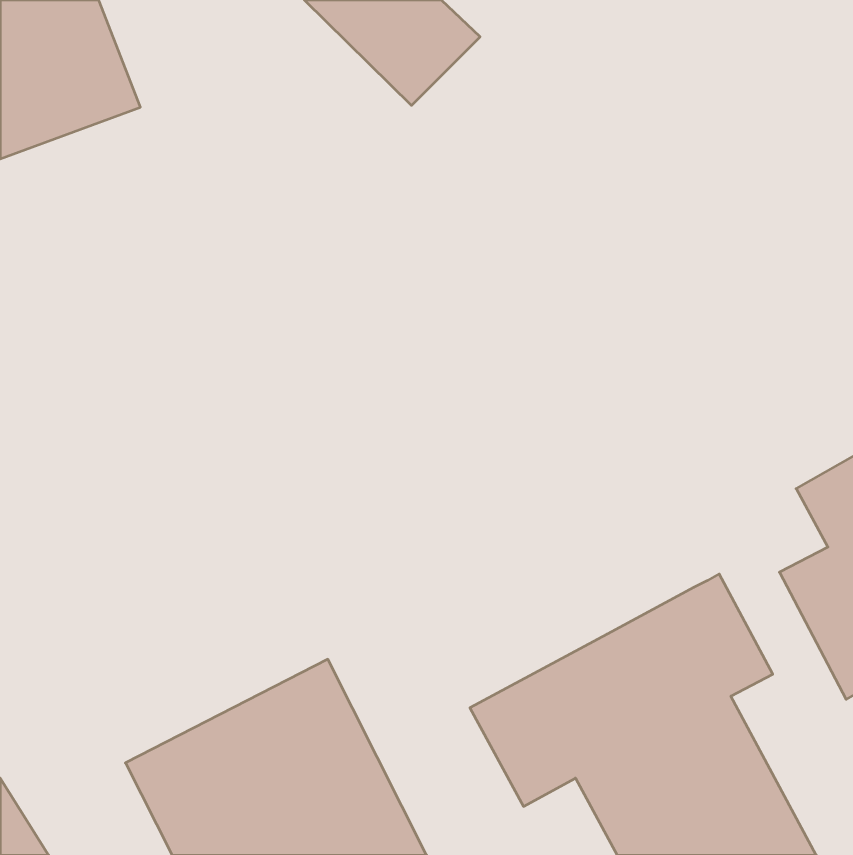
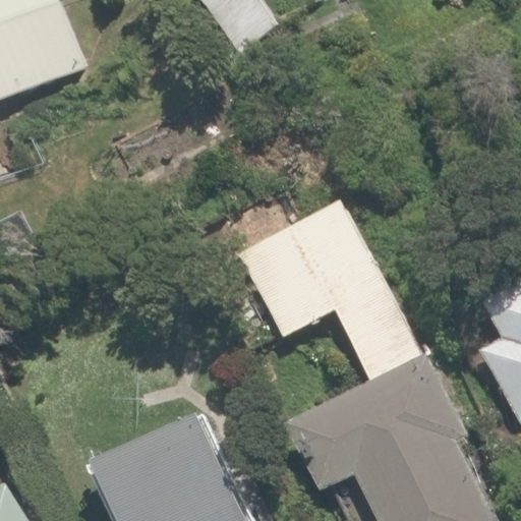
building: none -> [227,202,423,386]

